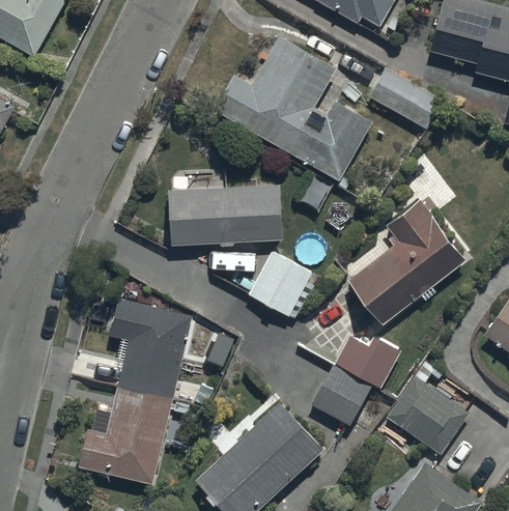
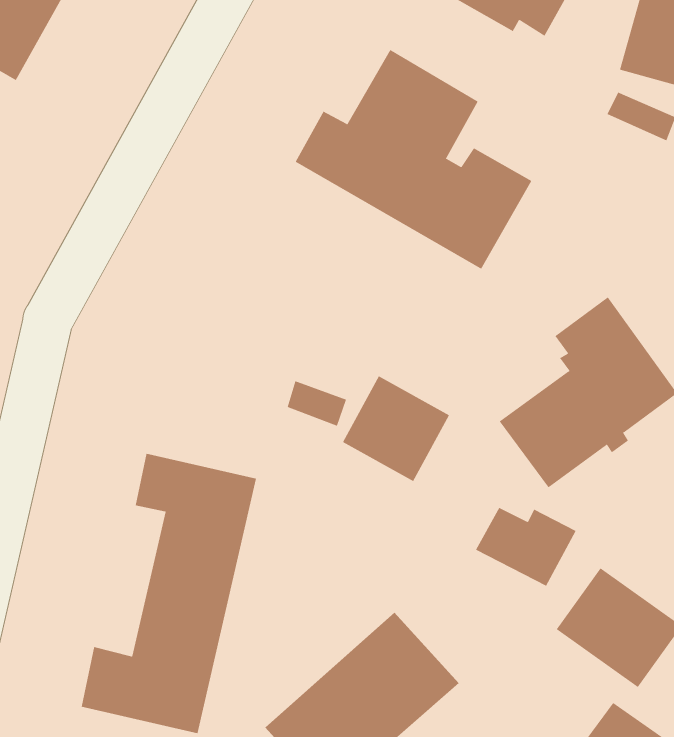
building: [368,67,441,129] -> none
building: [168,184,282,247] -> none
building: [312,366,370,425] -> none

